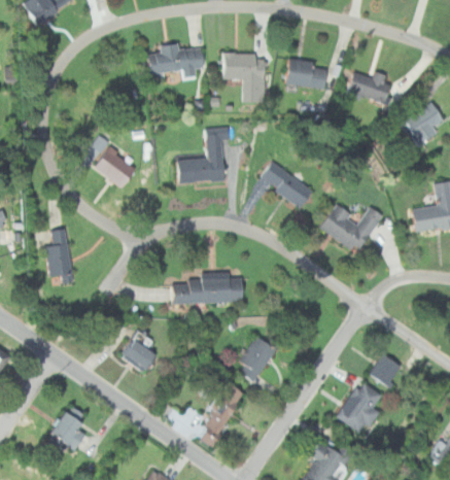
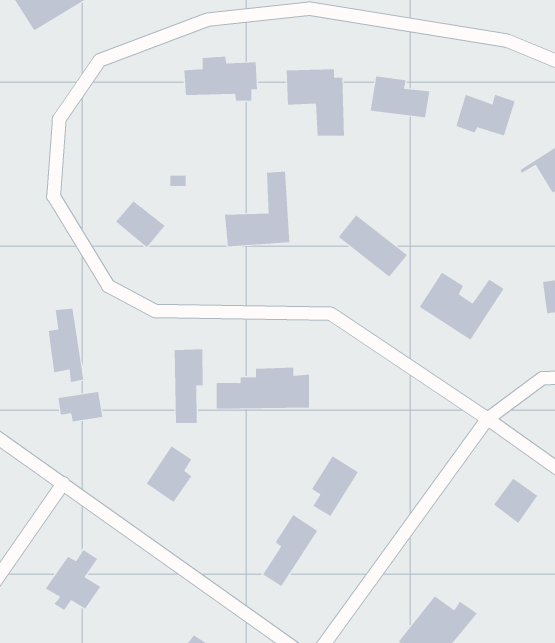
building: none -> [174,349,203,424]
building: none -> [58,391,103,422]
building: [340,380,386,434] -> none

